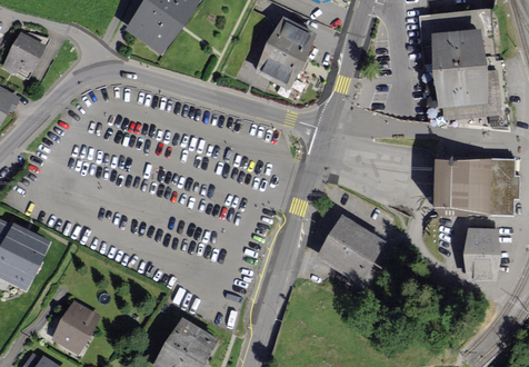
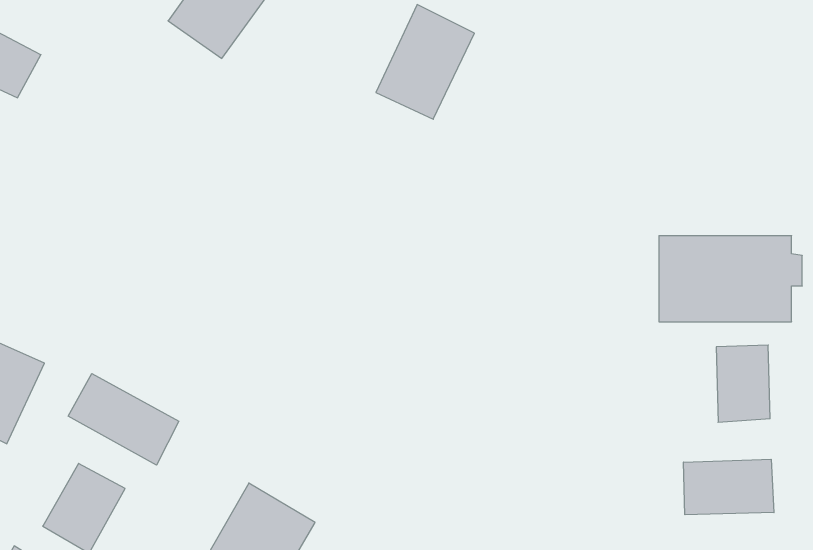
building: [428,20,491,108] -> none
building: [313,215,383,284] -> none
building: none -> [68,374,179,465]
building: none -> [684,459,774,515]

